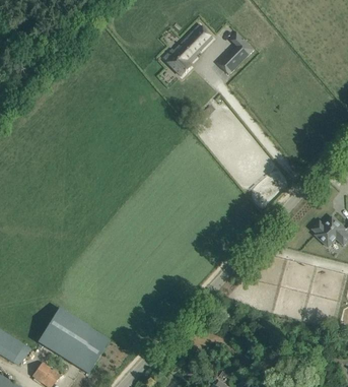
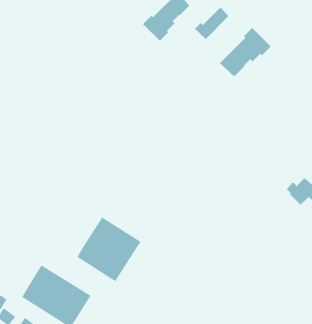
building: none -> [219,27,271,77]
building: none -> [76,217,141,282]

